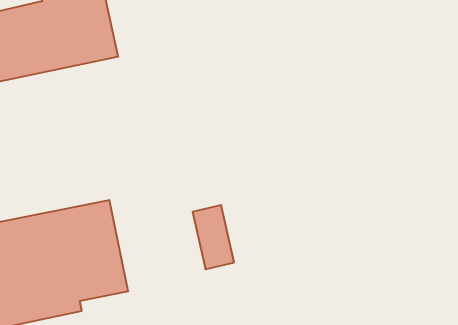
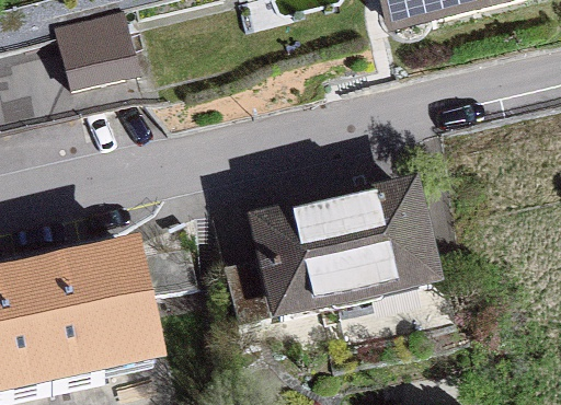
building: none -> [265,184,436,309]

